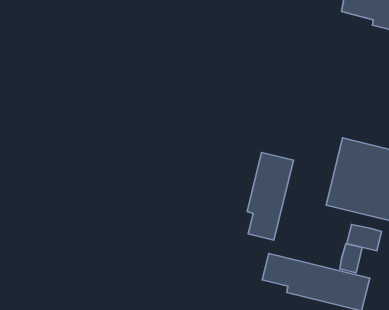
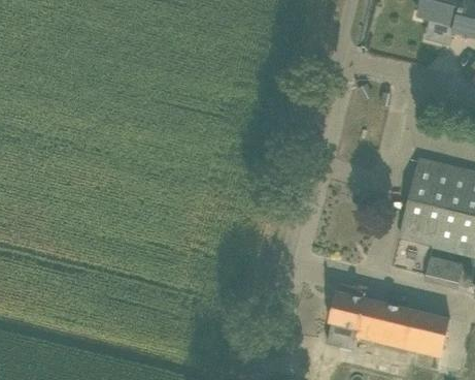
building: [247,153,293,240] -> none
building: [340,244,362,273] -> none

